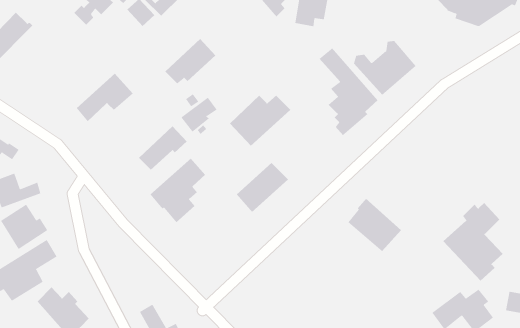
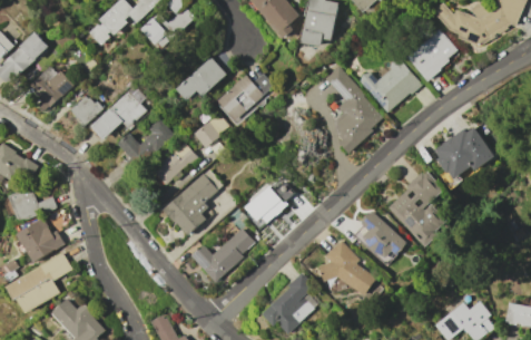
building: none -> [407,29,456,80]
building: none -> [32,70,72,110]
building: none -> [71,96,104,125]
building: [229,95,291,147] -> [216,74,276,124]
building: none -> [117,118,175,172]
building: none -> [434,126,496,176]
building: [443,202,504,282] -> [387,171,446,247]
building: none -> [190,227,253,282]
building: none -> [317,240,377,294]
building: none -> [262,273,317,332]

